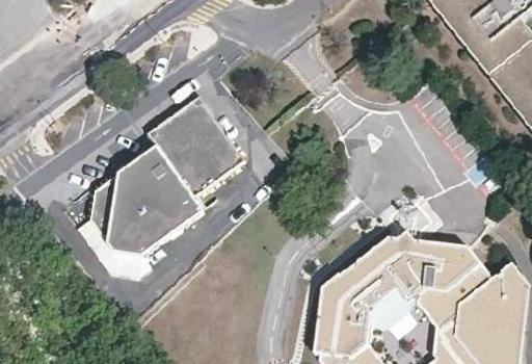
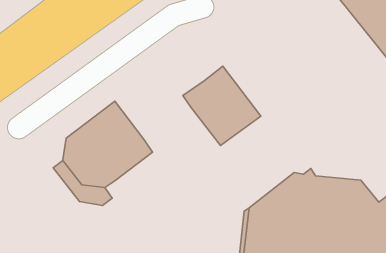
building: [149,94,247,194] -> [183,66,261,146]

